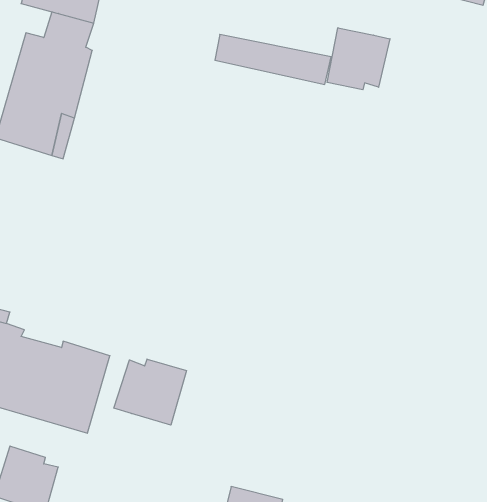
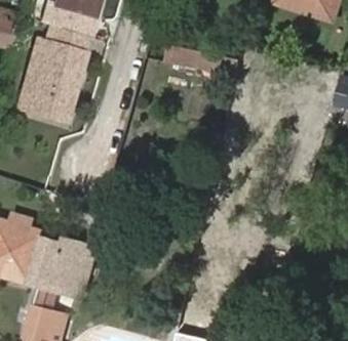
building: [327,28,390,90] -> none
building: [114,359,186,425] -> none

